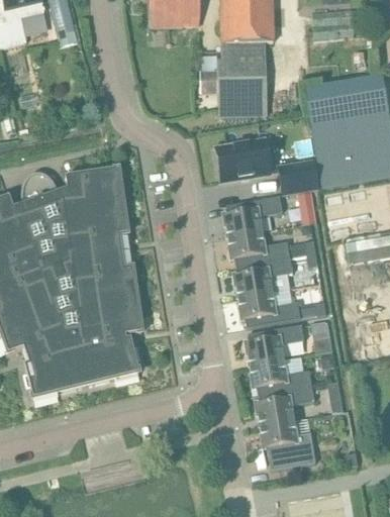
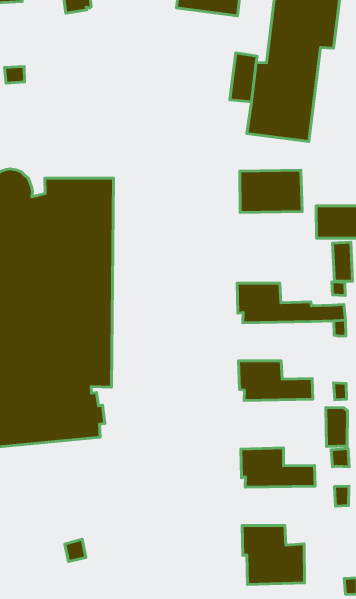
building: [223,195,283,235] -> none
building: [234,256,293,296] -> none
building: [246,323,304,365] -> none
building: [256,385,314,424] -> none

